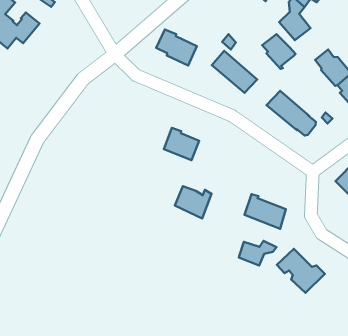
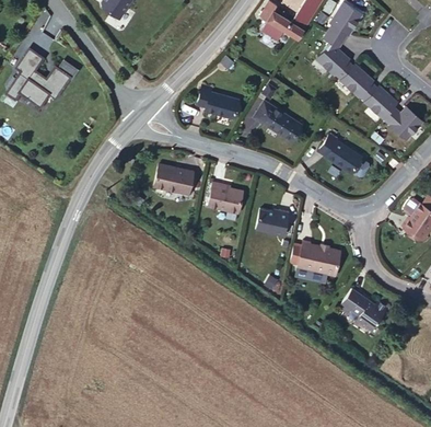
building: [262,34,295,69] -> [335,62,370,97]
building: none -> [161,164,199,195]
building: [175,186,212,218] -> [259,206,295,236]
building: [239,241,276,265] -> none

